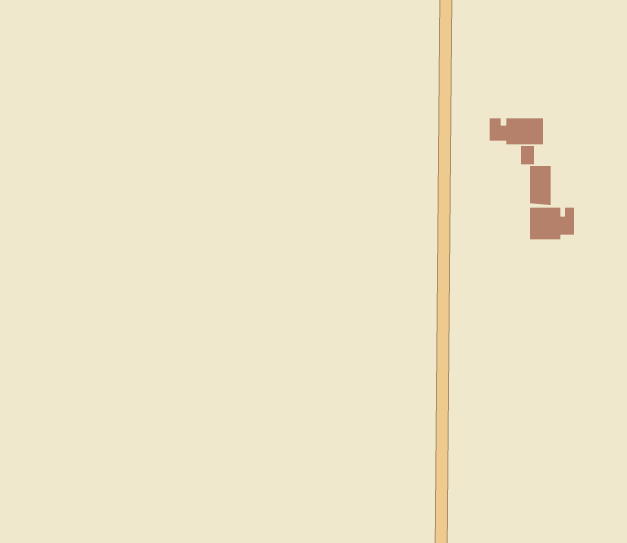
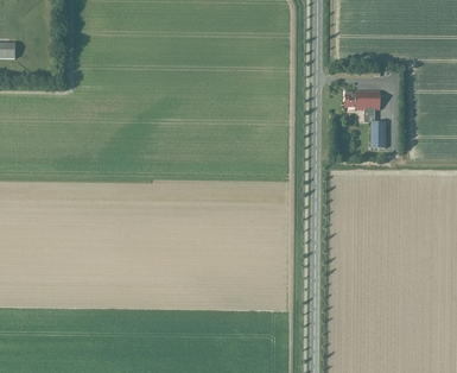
building: [529,207,575,240] -> none

